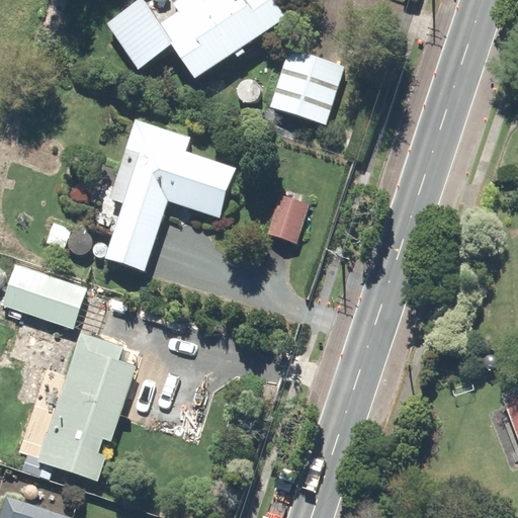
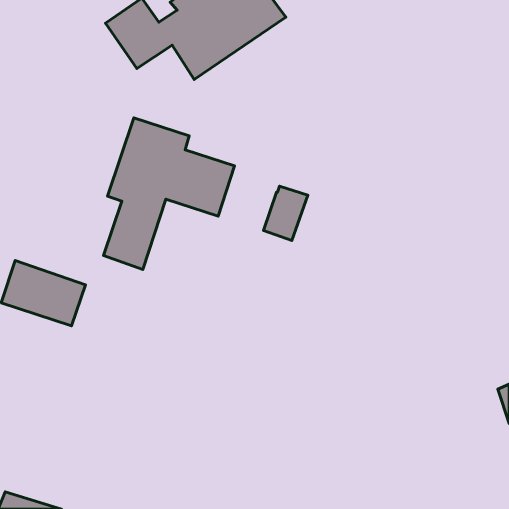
building: [268,47,345,124] -> none
building: [32,332,135,481] -> none

